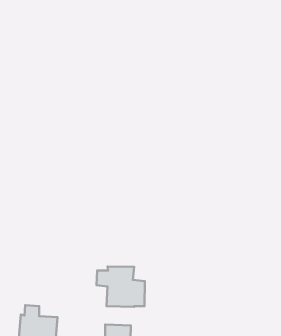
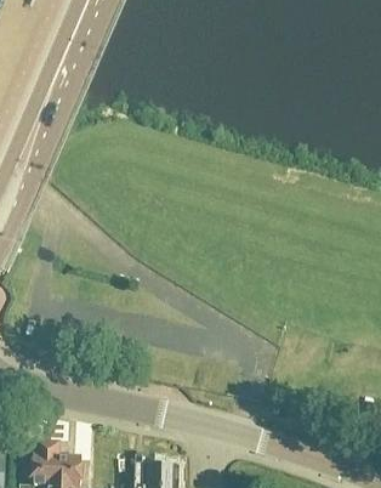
building: [97,266,145,307] -> none

